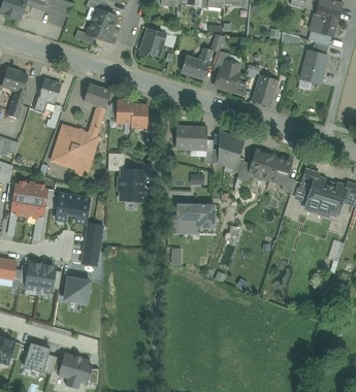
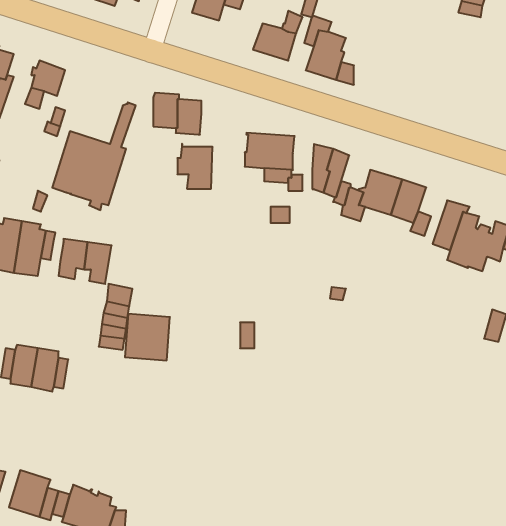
building: [301,51,328,85] -> none
building: [252,75,278,107] -> none
building: [84,84,111,108] -> none
building: [120,169,142,198] -> [177,144,213,189]
building: [172,204,214,233] -> none
building: [64,274,93,304] -> [125,314,170,360]

